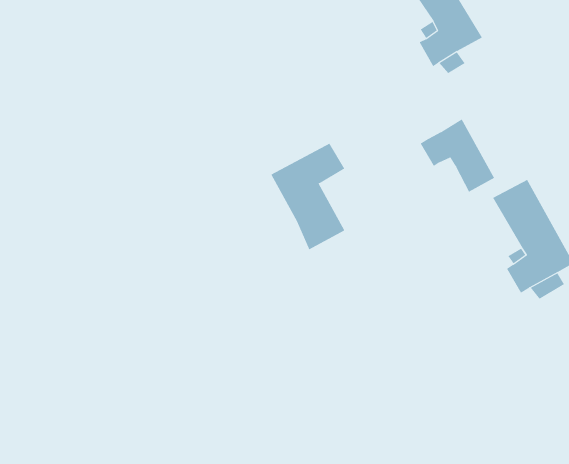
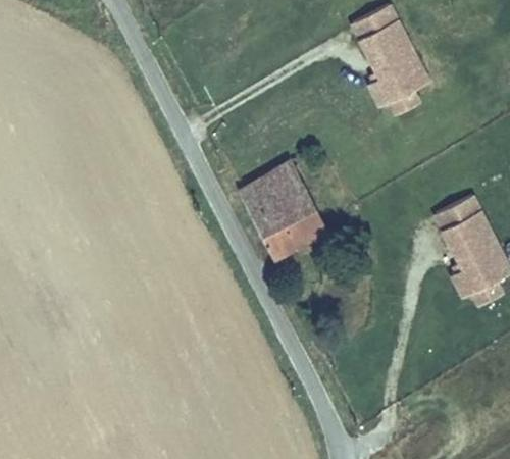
building: [420,118,495,192] -> none
building: none -> [284,188,329,242]

